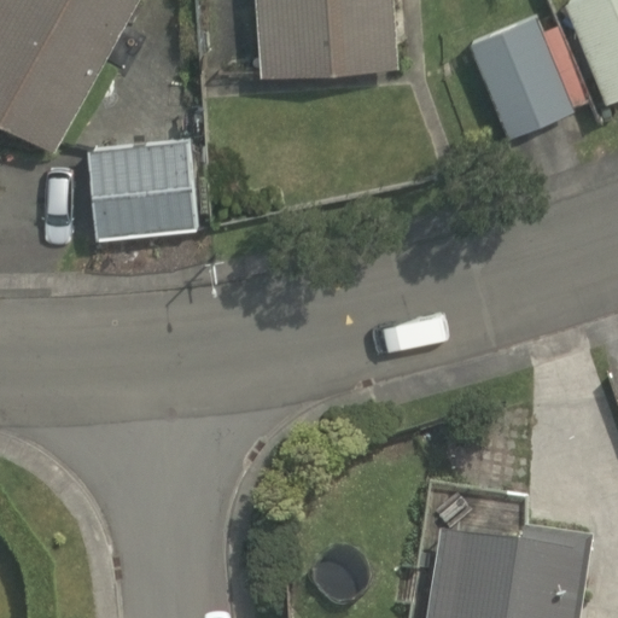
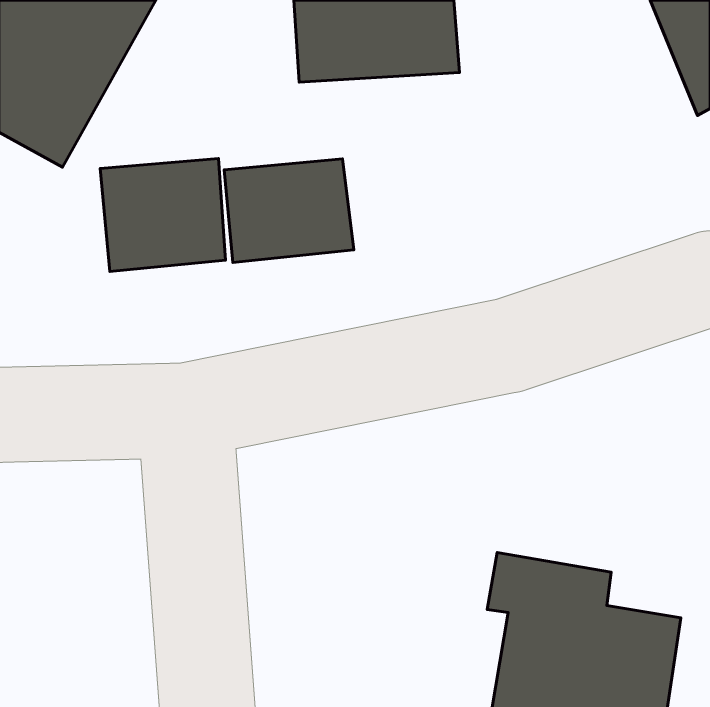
building: [470,14,588,138] -> none
building: none -> [224,159,354,263]

